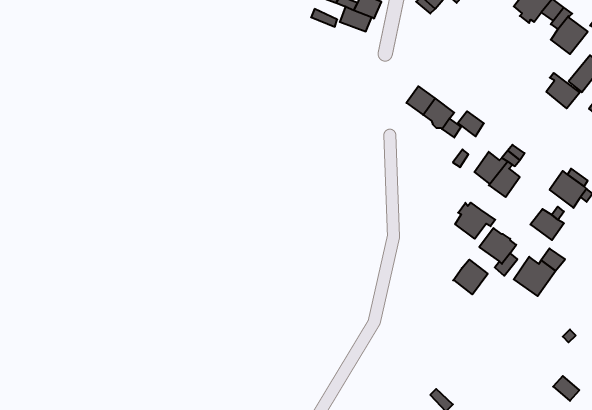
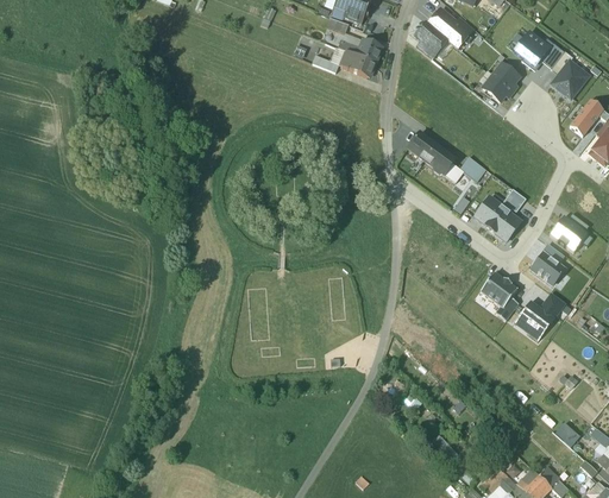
building: none -> [483,63,520,101]
building: [546,73,580,108] -> none
building: [455,203,495,239] -> none
building: [453,260,488,294] -> none

